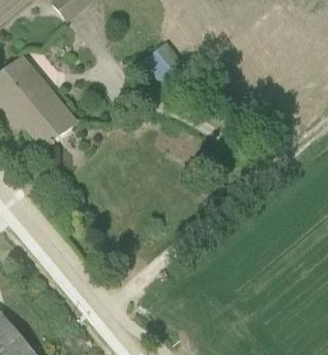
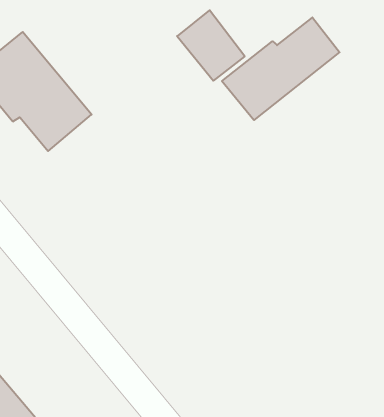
building: none -> [222,17,340,120]

